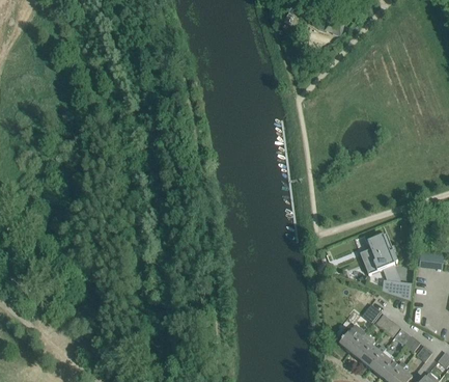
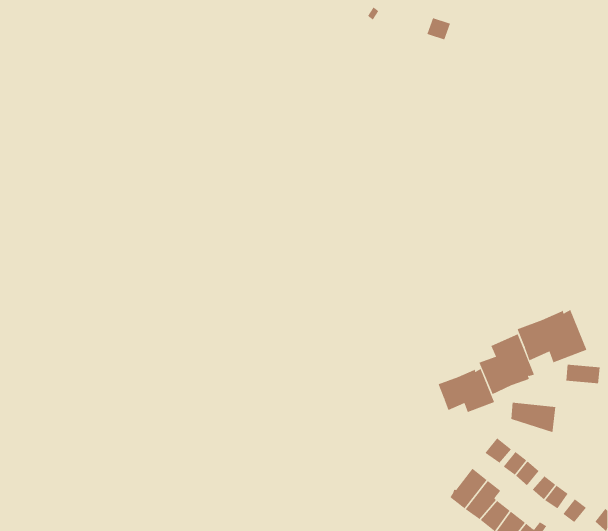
building: none -> [517,309,587,363]
building: none -> [438,368,495,413]

